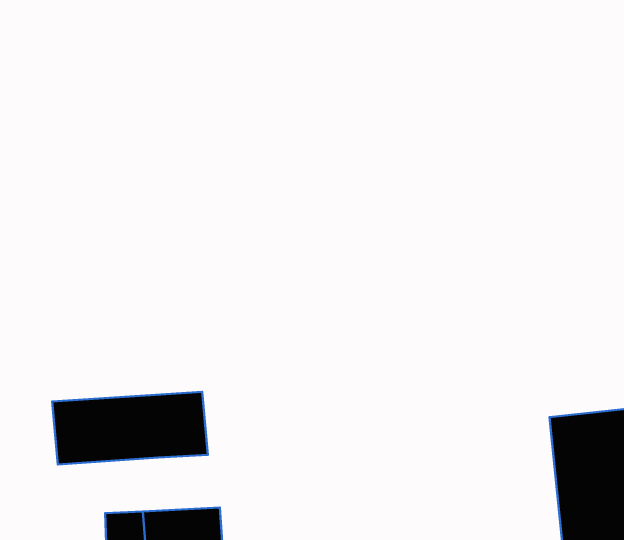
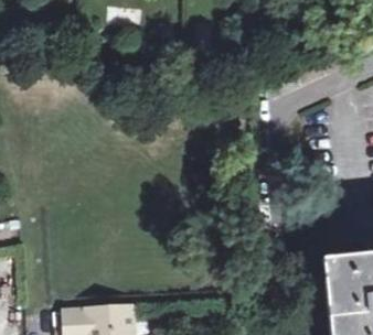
building: [52,392,208,465] -> none

